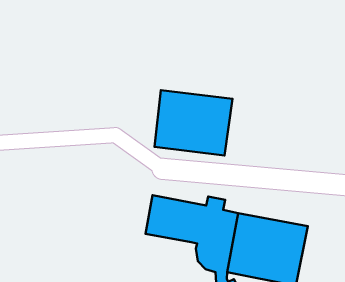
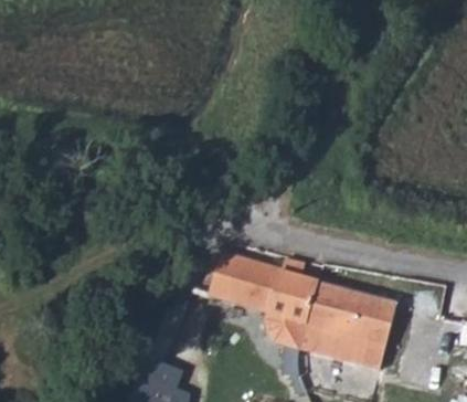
building: [154,90,232,156] -> none

